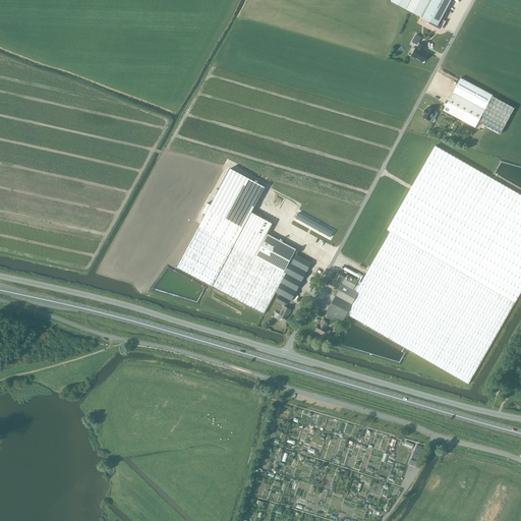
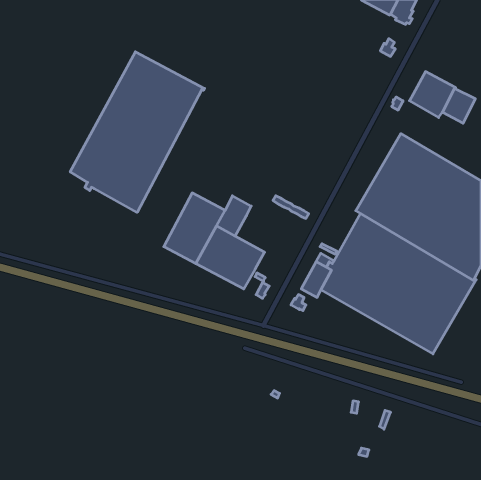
building: none -> [70,52,205,212]
building: [208,168,265,228] -> none
building: [254,233,311,300] -> none

